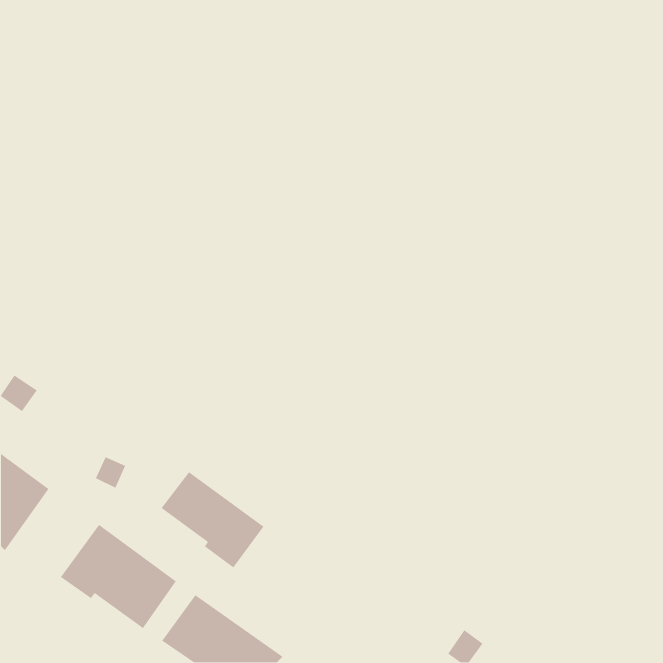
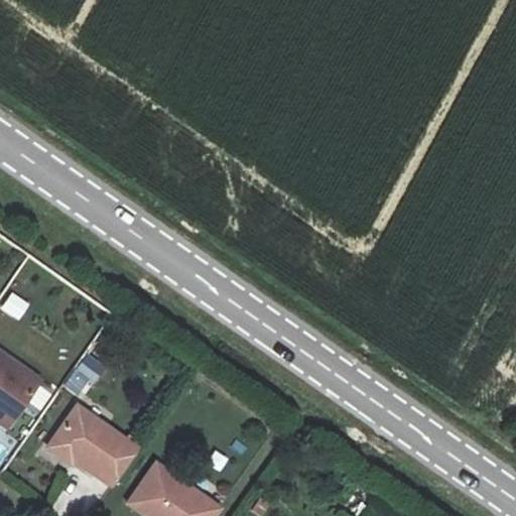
building: [161,471,264,569] -> none

